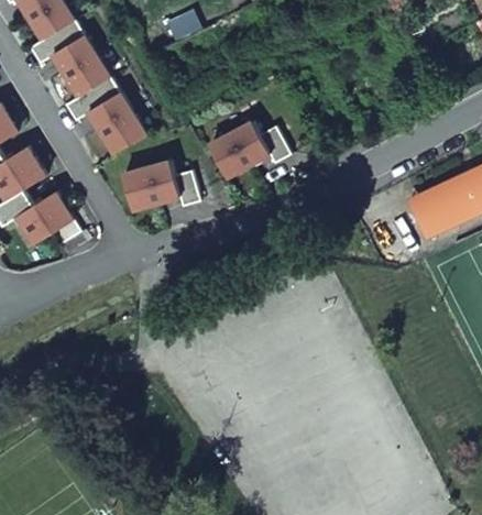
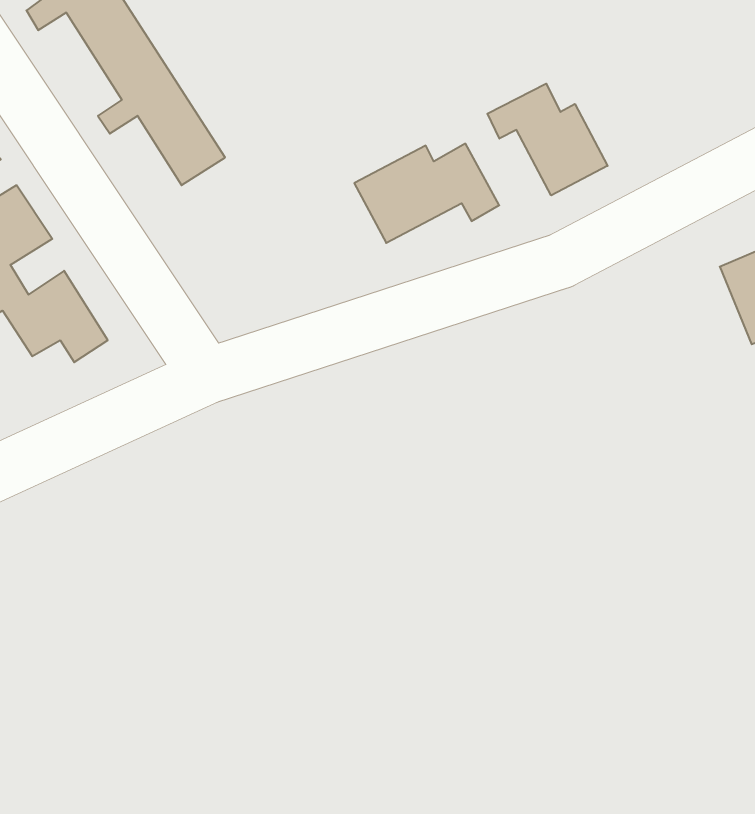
building: none -> [487,84,608,195]
building: [124,162,199,209] -> none

